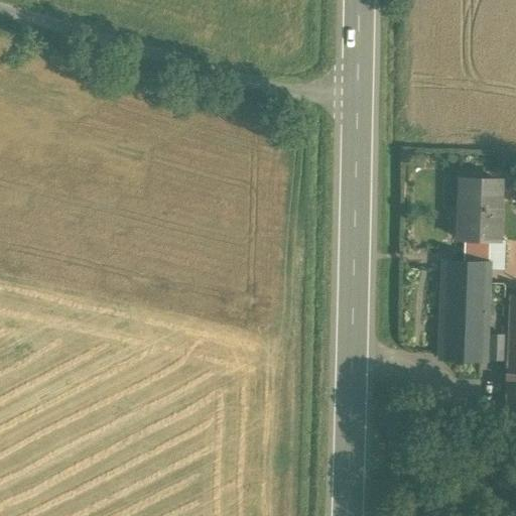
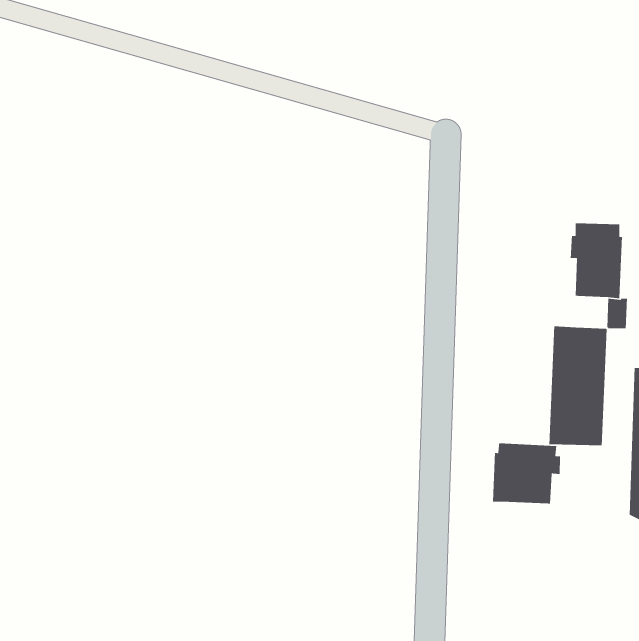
building: [465,238,490,263] -> none
building: none -> [492,442,561,505]

